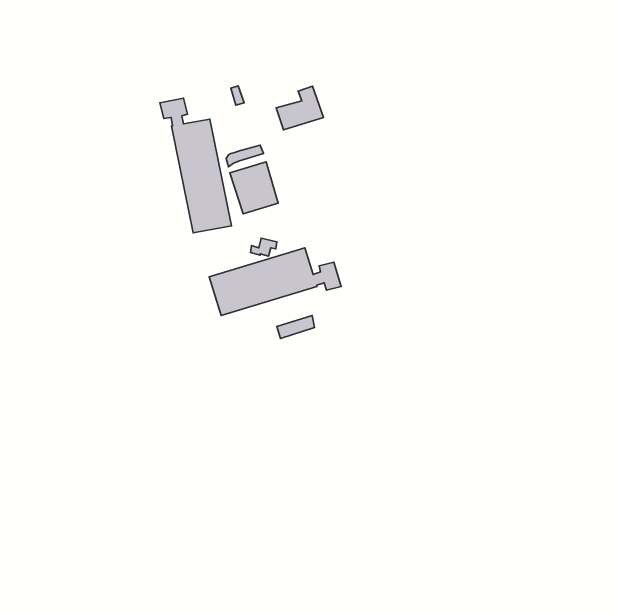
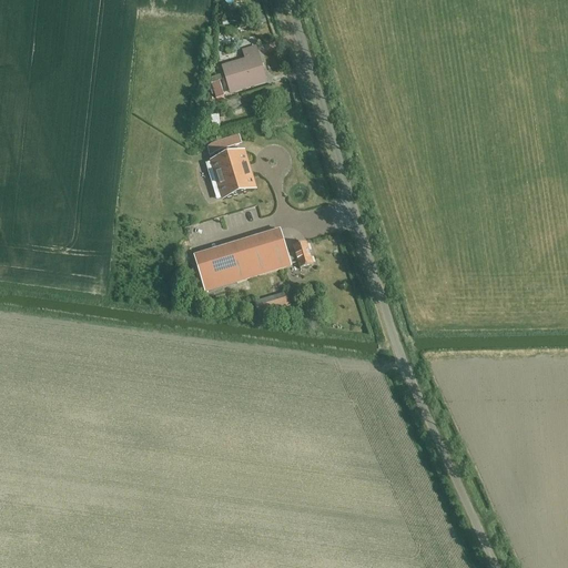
building: [276,86,323,130] -> [222,44,265,84]
building: [160,98,232,233] -> none

